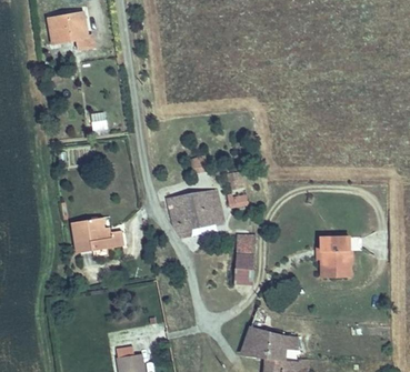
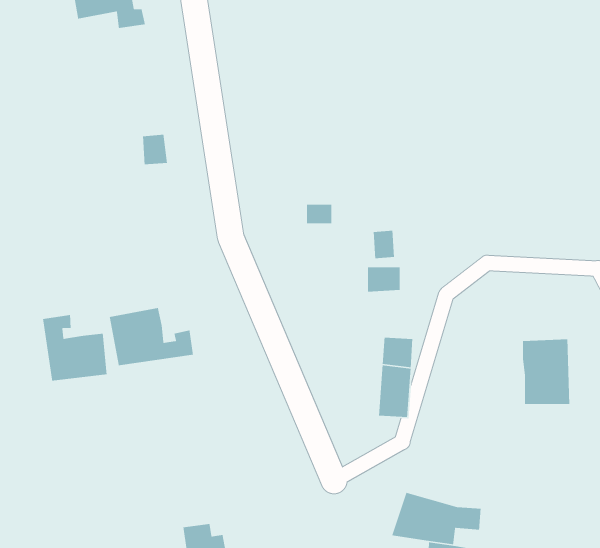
building: [168,190,224,237] -> none
building: none -> [42,314,107,381]

